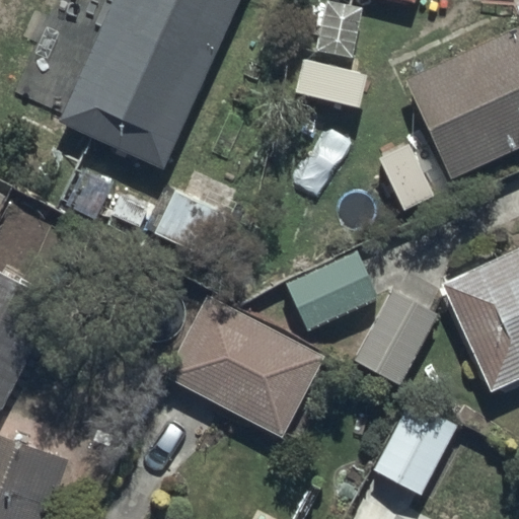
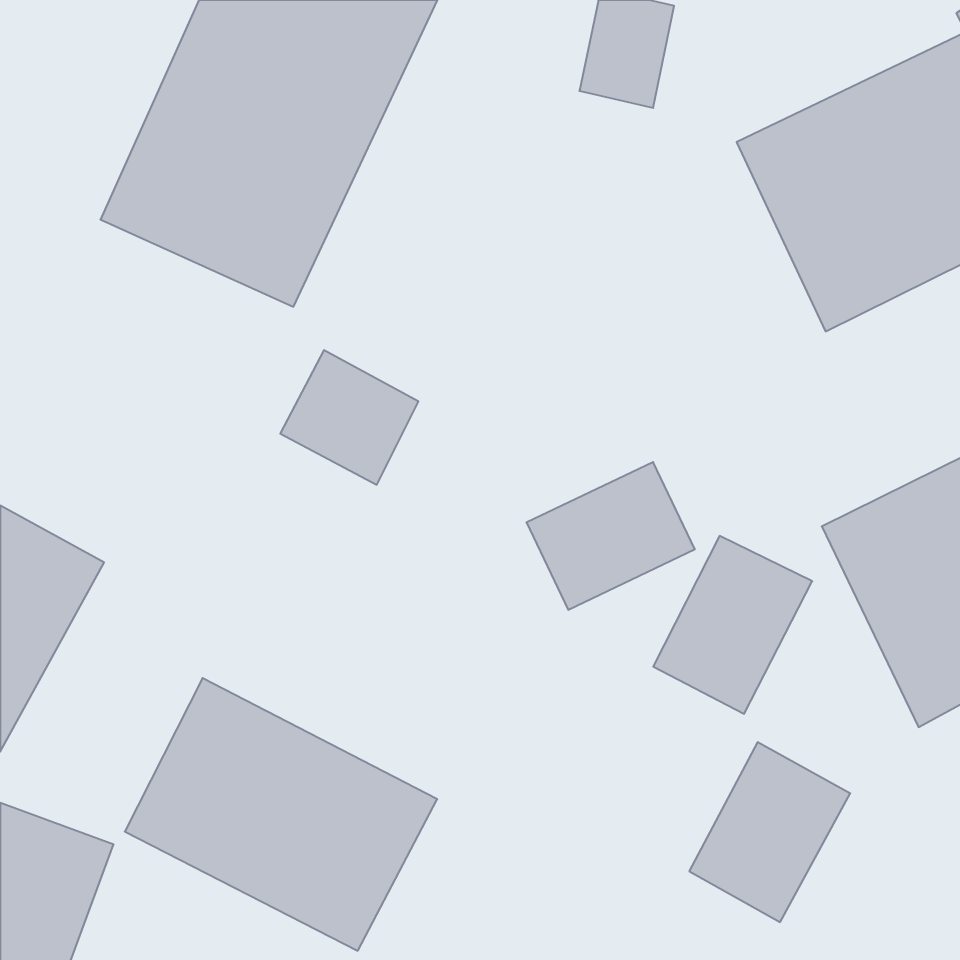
building: [156,290,323,436] -> [125,678,437,951]

